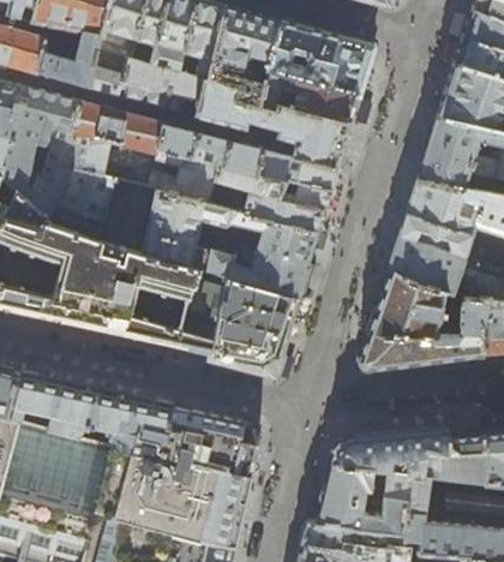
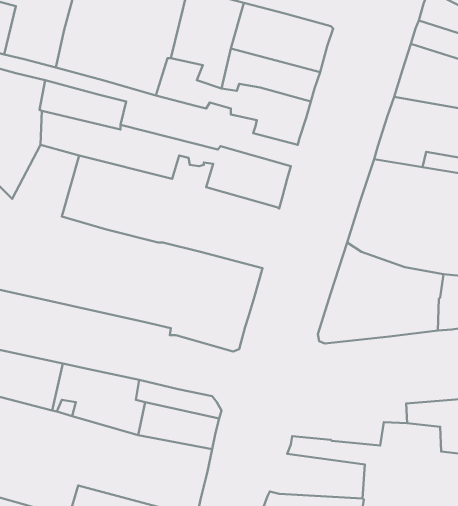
building: [156,124,337,190] -> none
building: [96,179,316,294] -> none
building: [331,432,449,476] -> none
building: [318,484,406,530] -> none

